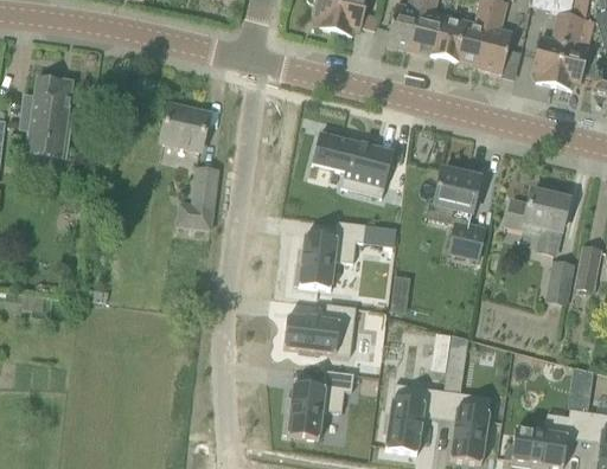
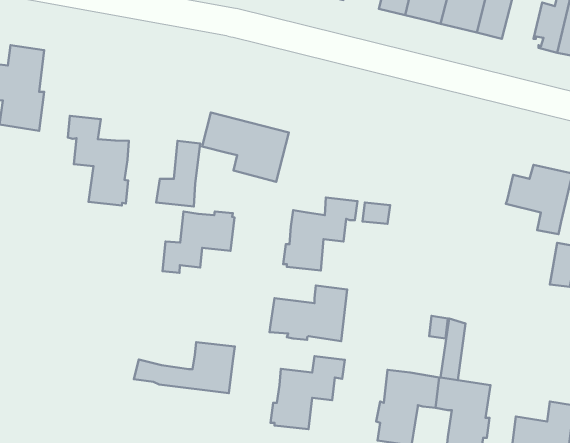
building: [162,104,209,148] -> none
building: [312,131,394,197] -> [202,112,289,182]
building: none -> [68,116,129,206]
building: [426,168,487,256] -> none
building: none -> [162,211,234,273]
building: none -> [134,342,235,393]

